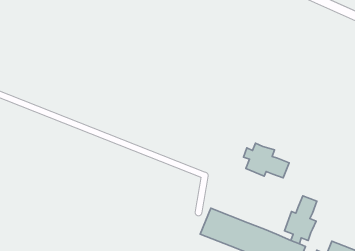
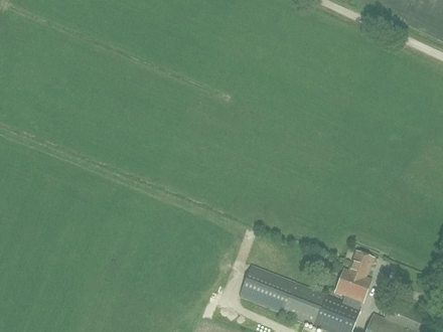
building: [243,143,289,178] -> none

